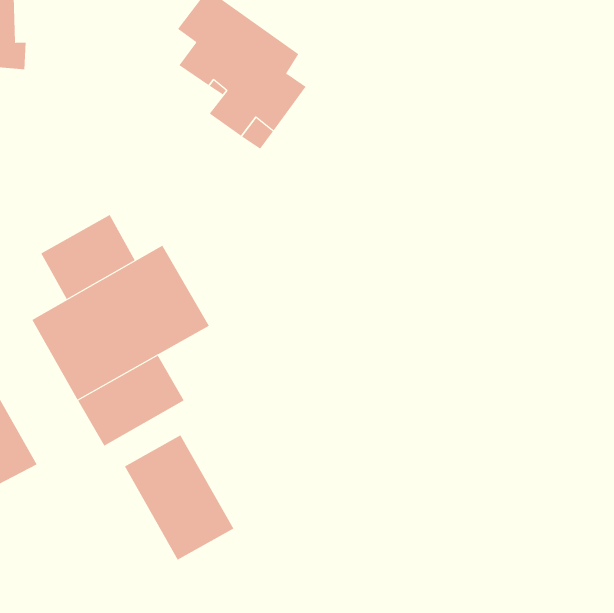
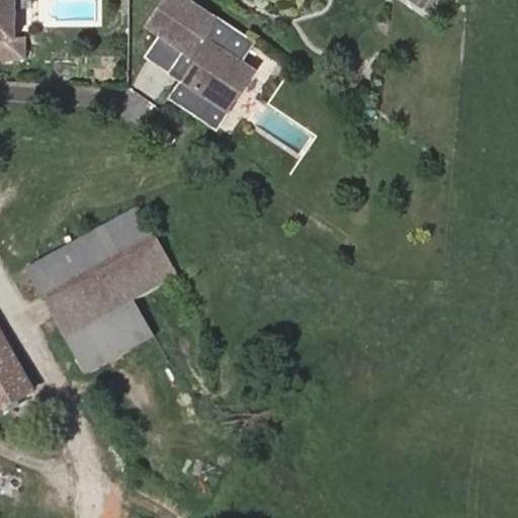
building: [41,214,136,300] -> none
building: [124,435,234,560] -> none

